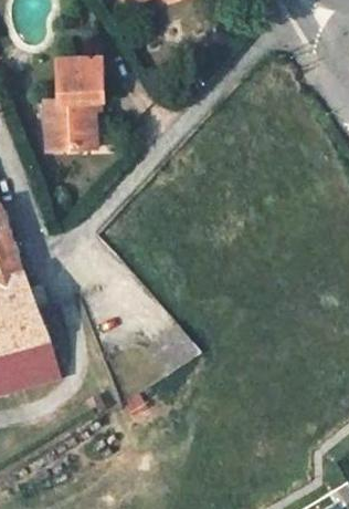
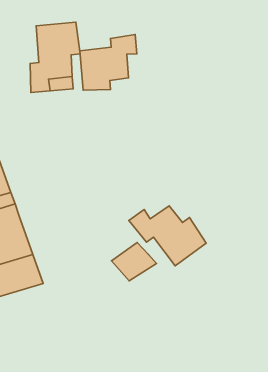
building: none -> [80,35,137,90]
building: none -> [129,206,206,266]

